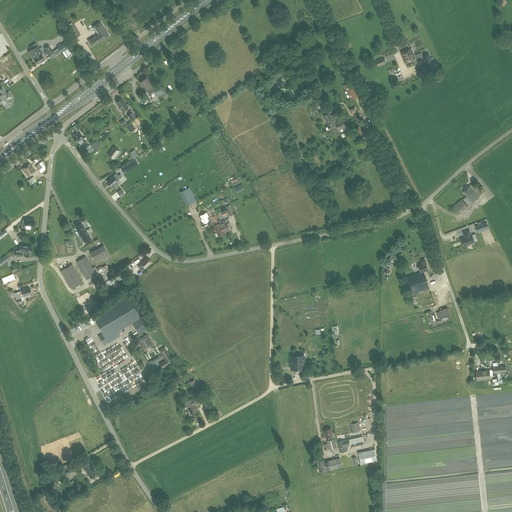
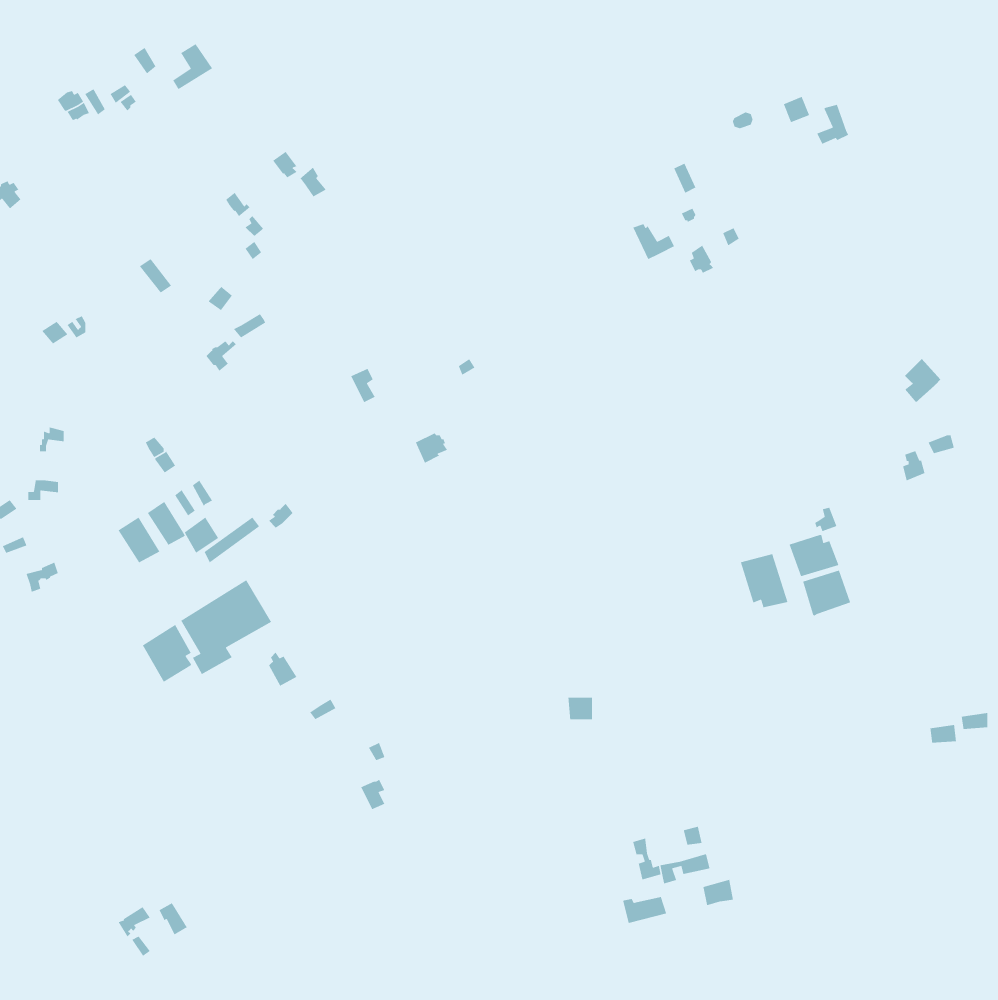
building: none -> [740,553,789,608]
building: none -> [142,624,192,683]

